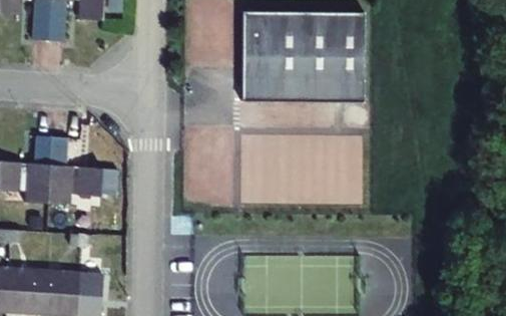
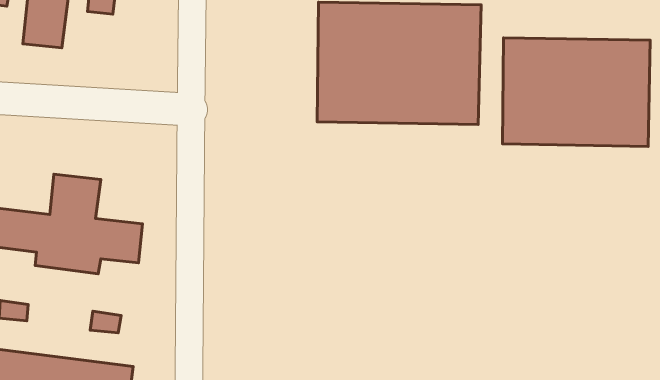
building: none -> [502,38,650,146]

